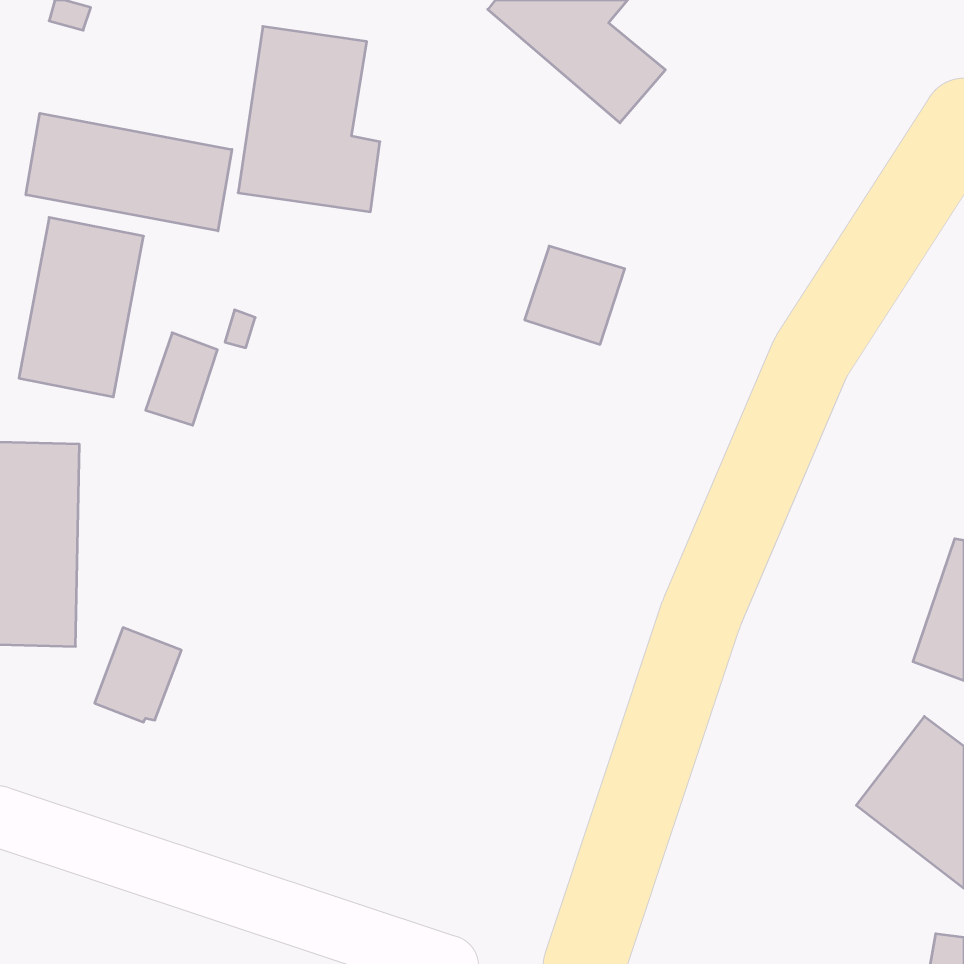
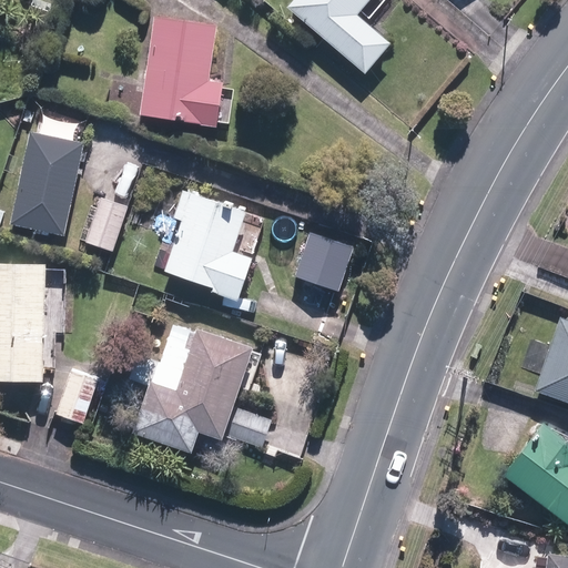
building: [26,113,232,231] -> none
building: [525,246,625,344] -> [294,235,353,293]
building: none -> [151,186,253,301]
building: none -> [133,327,272,453]

